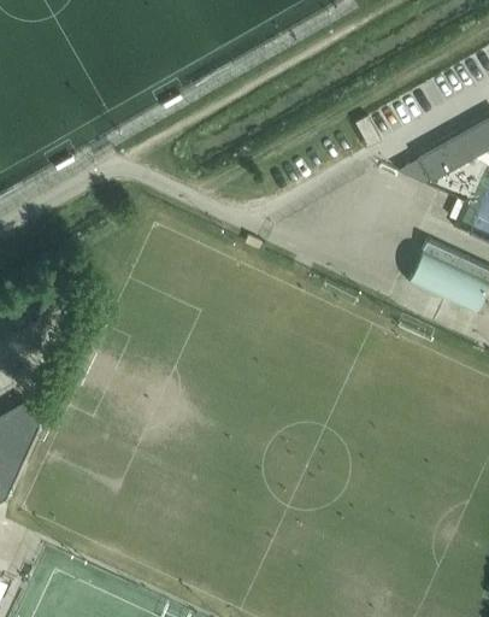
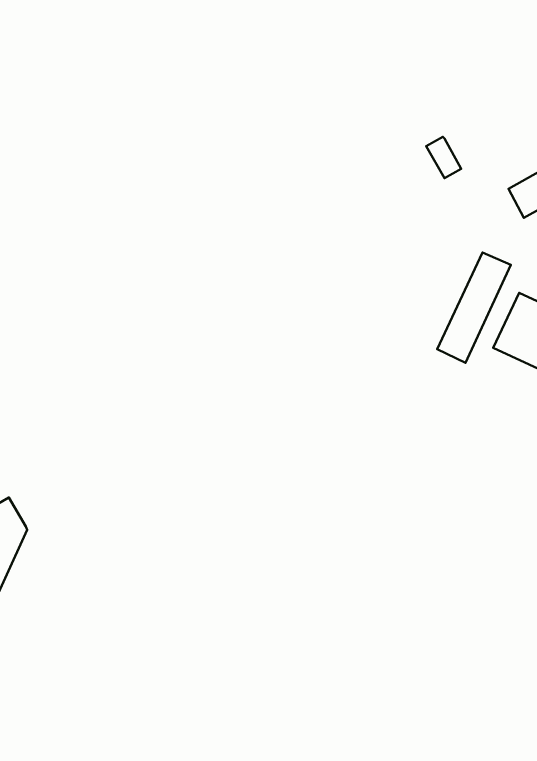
building: none -> [437,252,511,363]

